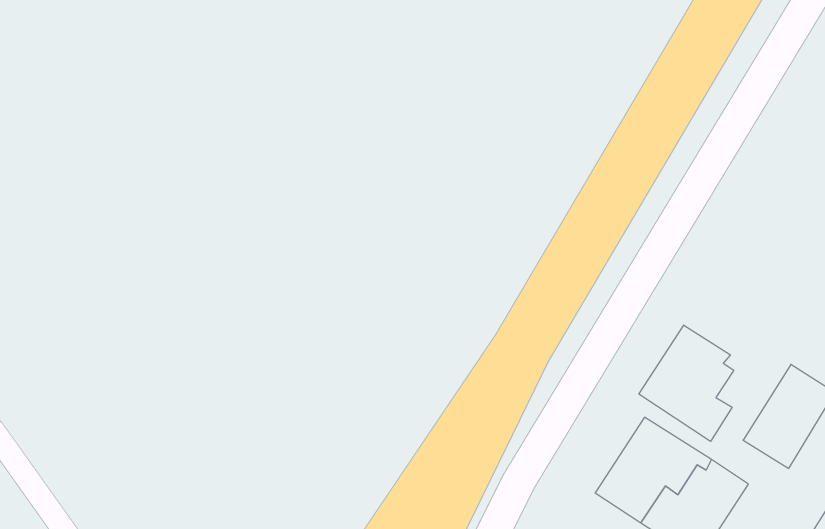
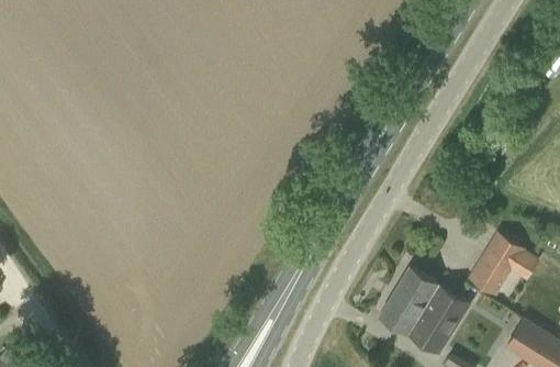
building: [639,325,734,441] -> none

